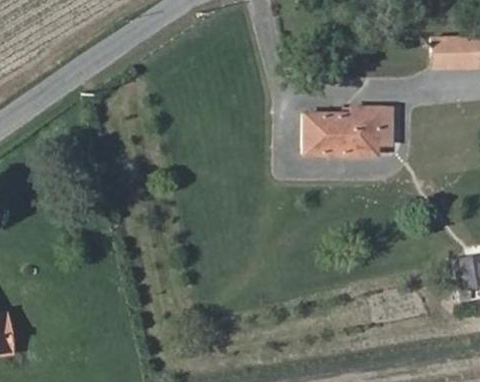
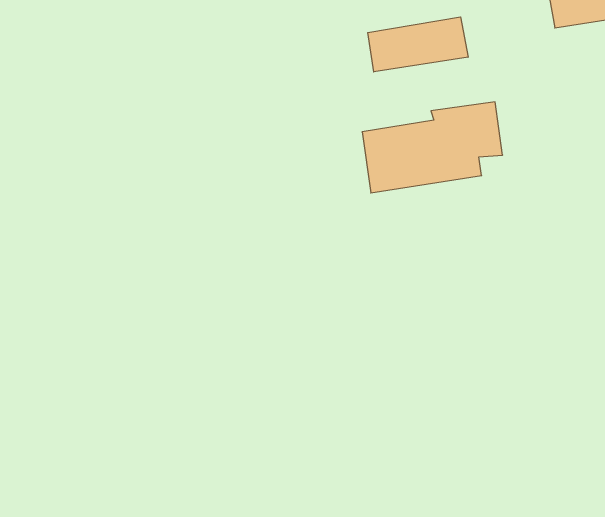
building: none -> [368,17,468,72]

